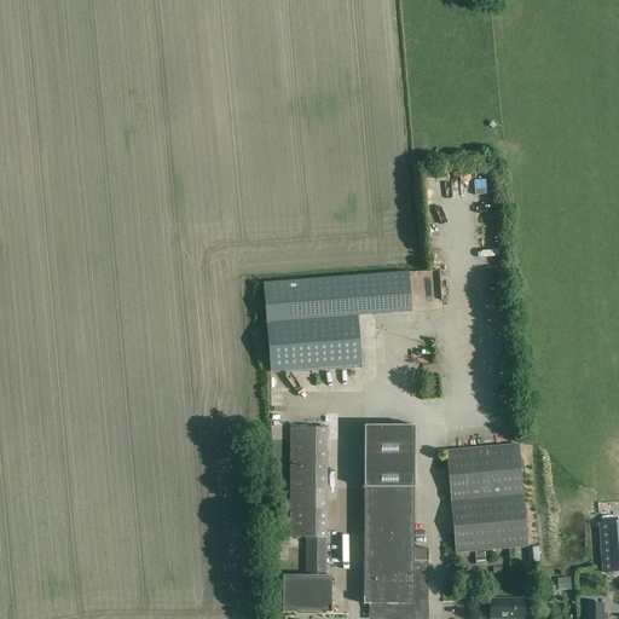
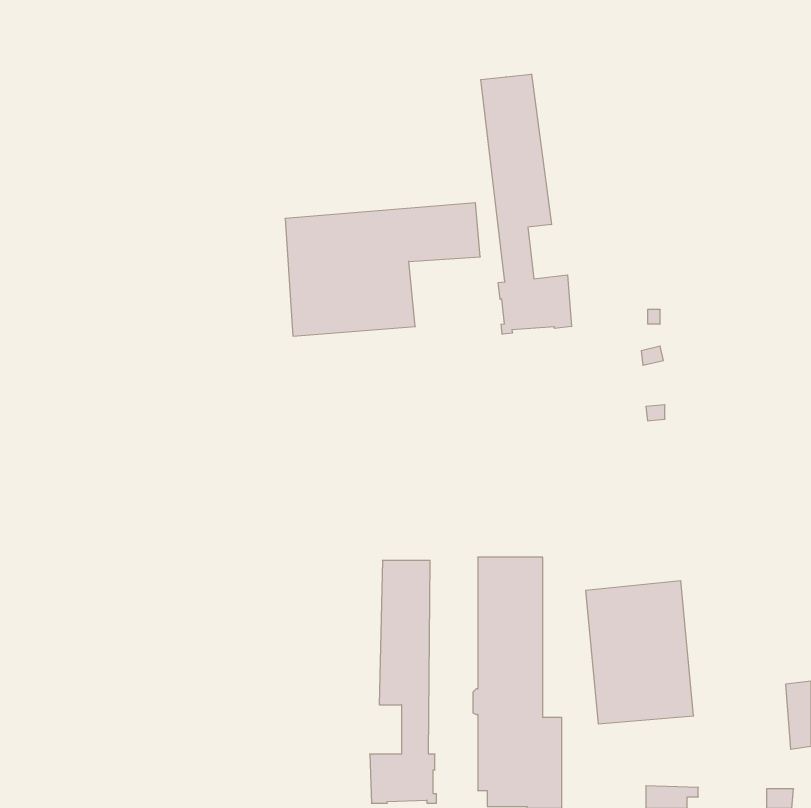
building: none -> [481,74,572,334]
building: [264,270,412,371] -> [285,203,480,336]

